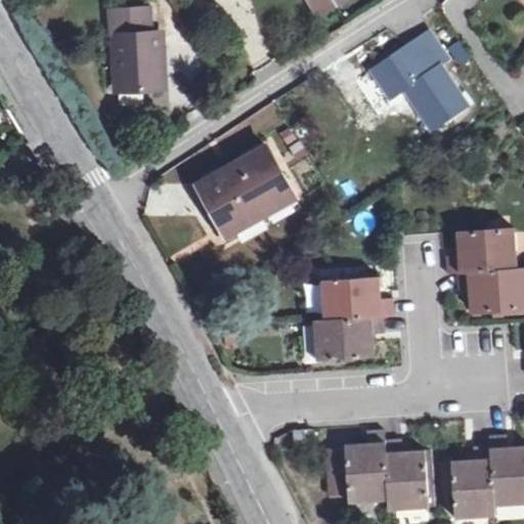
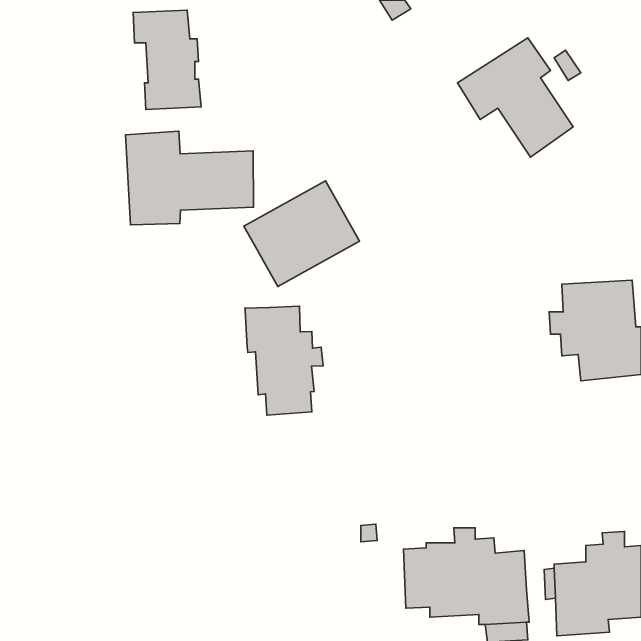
building: none -> [126,131,254,225]
building: none -> [245,306,323,415]
building: [314,276,395,360] -> none

